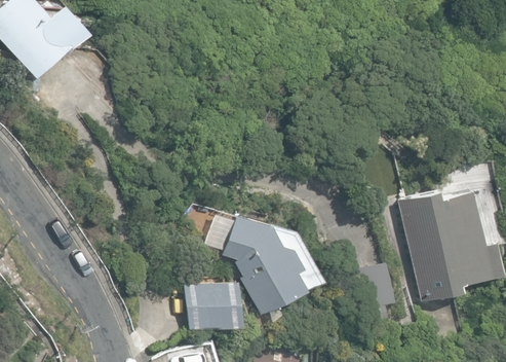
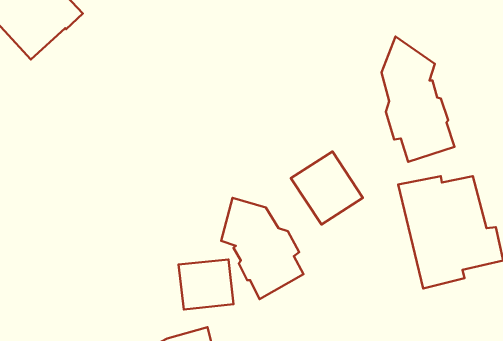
building: none -> [381,36,455,162]
building: none -> [291,151,363,225]

